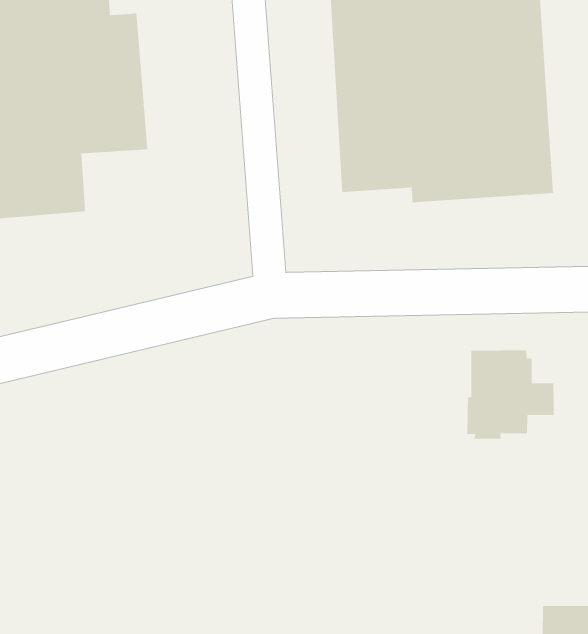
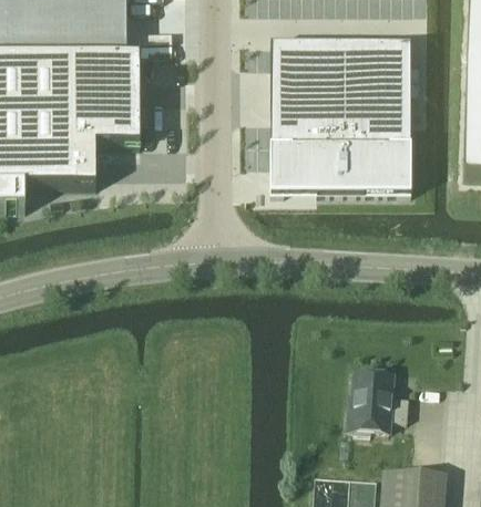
building: [466,350,555,439] -> [347,369,408,430]

